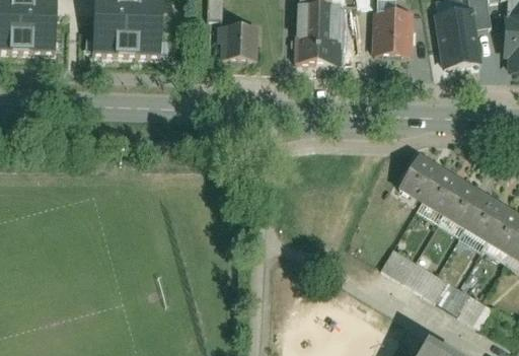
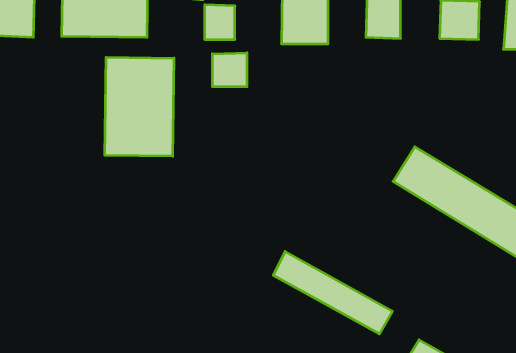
building: none -> [212,53,247,87]
building: none -> [105,57,174,156]
building: [381,251,493,328] -> [273,251,392,334]

